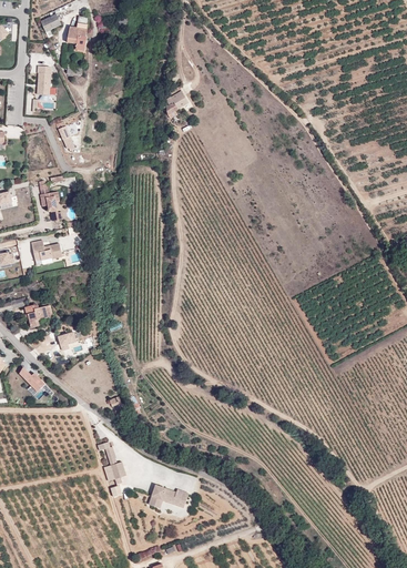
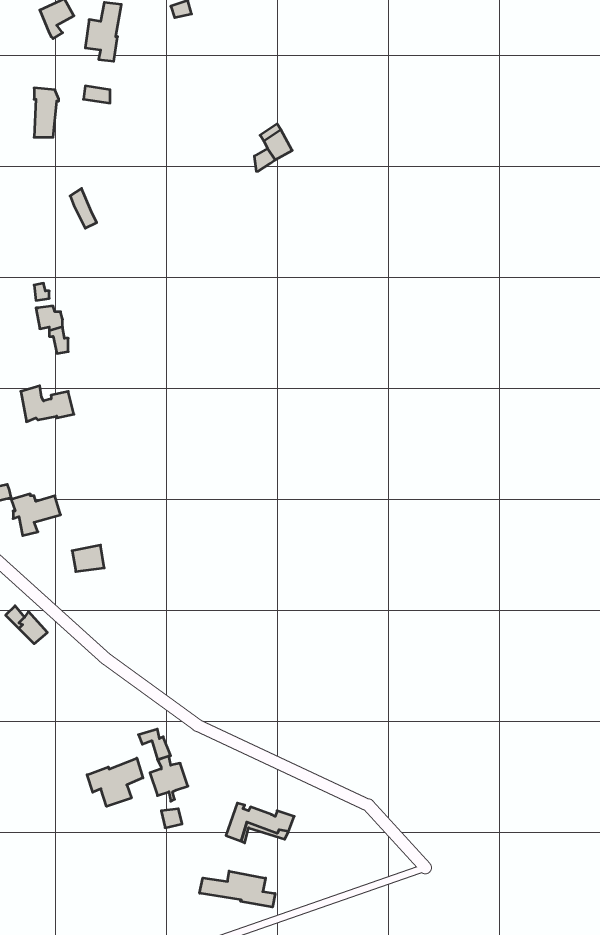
building: none -> [87,758,143,806]
building: none -> [200,871,275,907]

